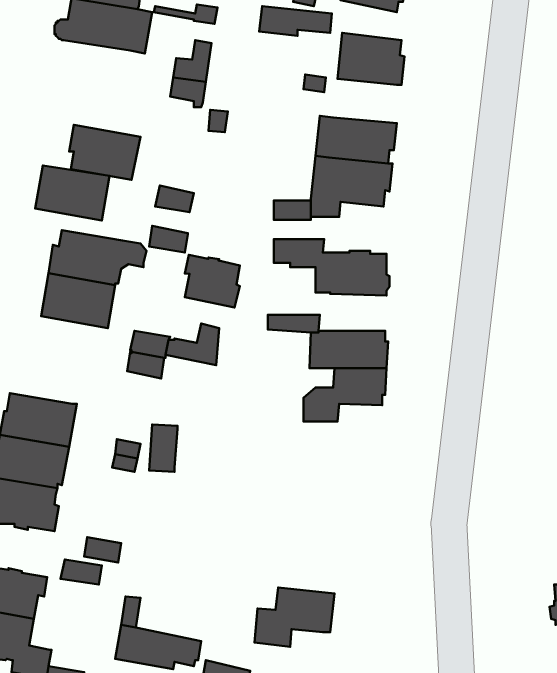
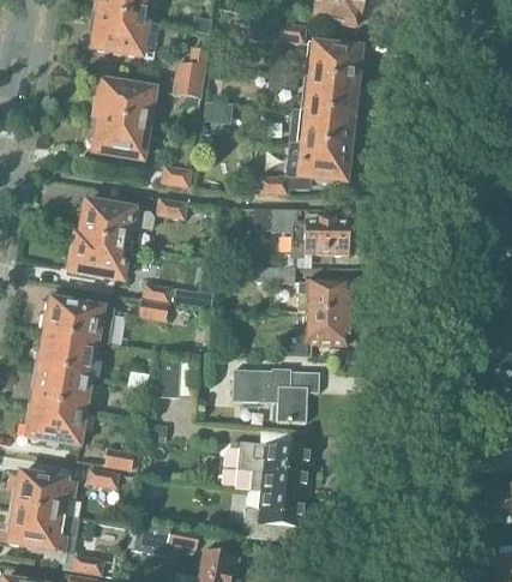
building: none -> [306,78,360,114]
building: [35,166,109,220] -> [96,80,156,125]
building: [185,255,240,307] -> none
building: none -> [42,296,115,343]
building: none -> [233,368,319,421]
building: none -> [237,440,312,494]

